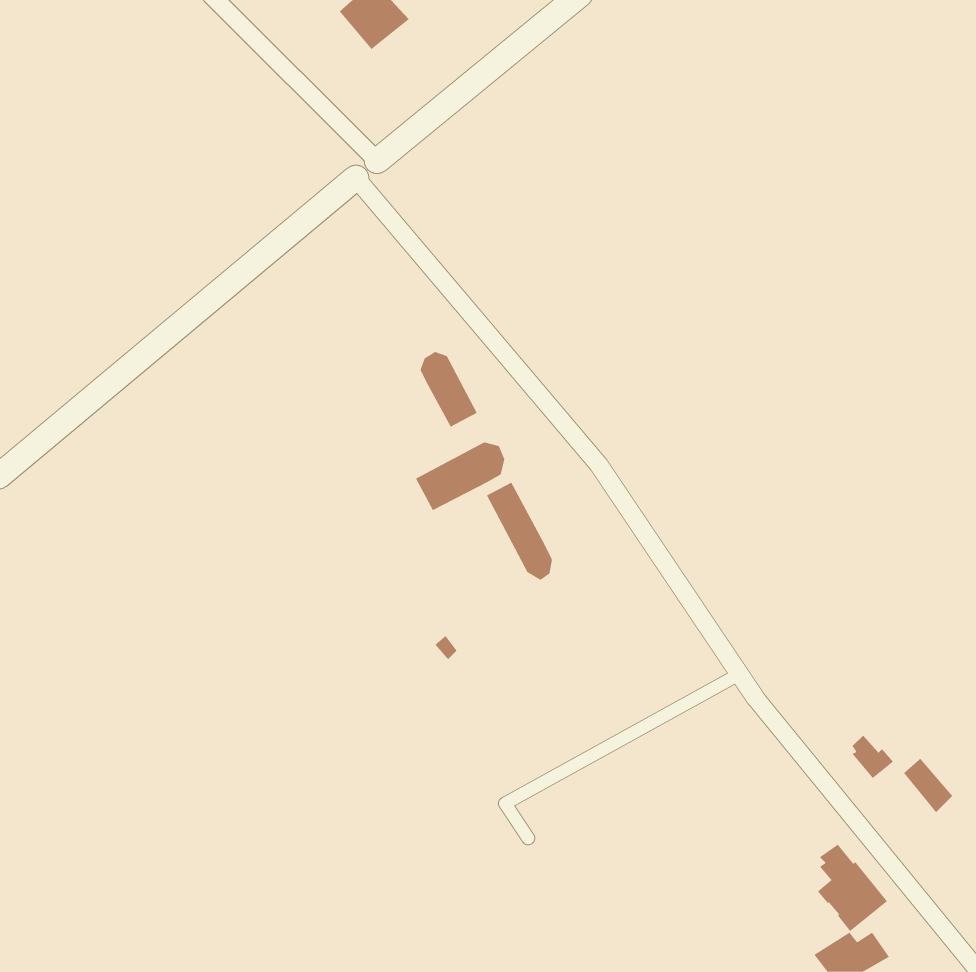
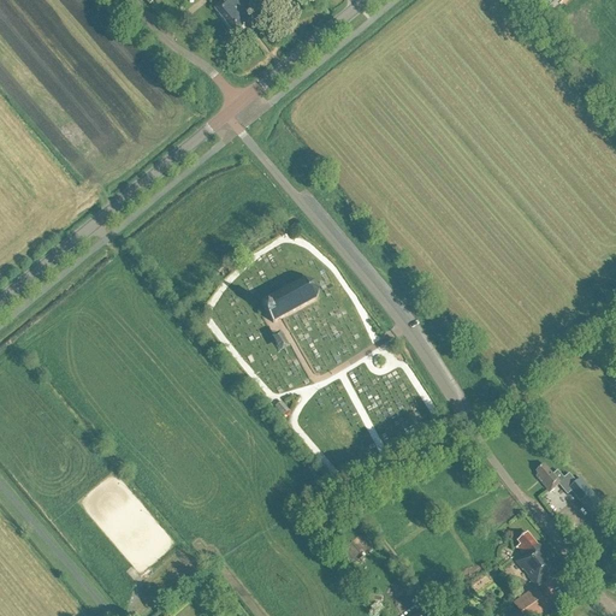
building: [420,351,477,428] -> none
building: [486,482,552,581] -> none

